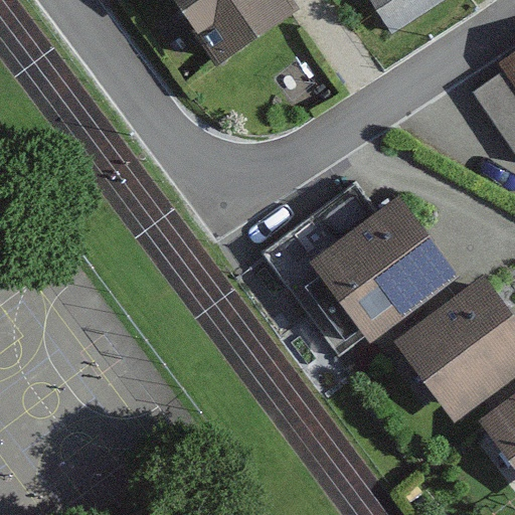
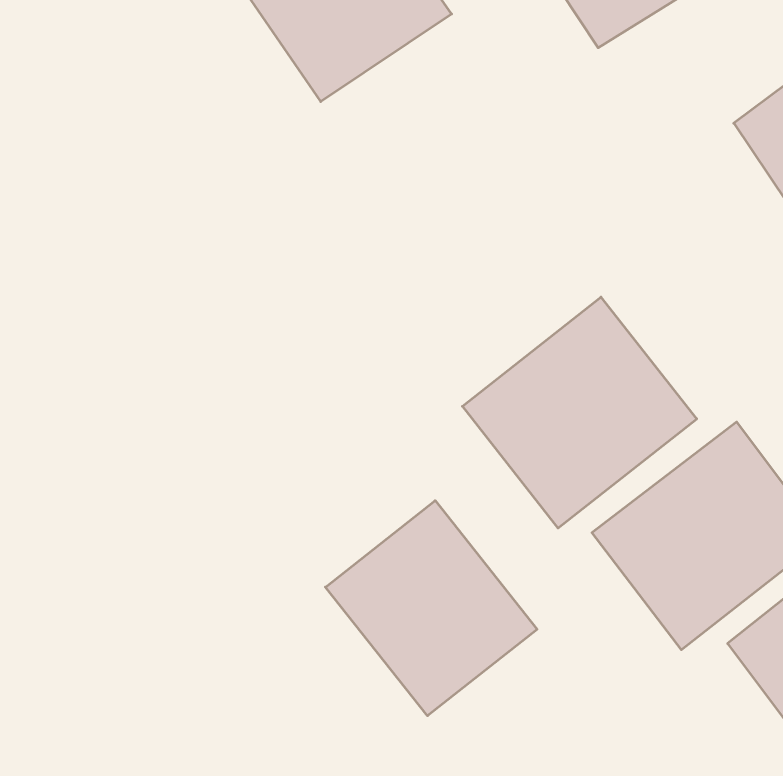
building: none -> [325,501,537,716]

